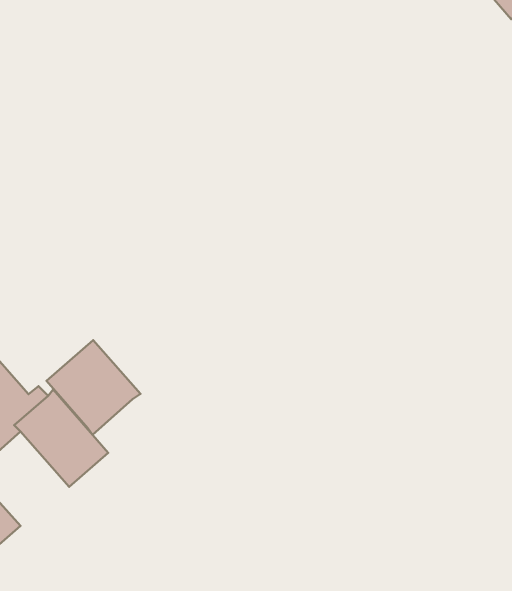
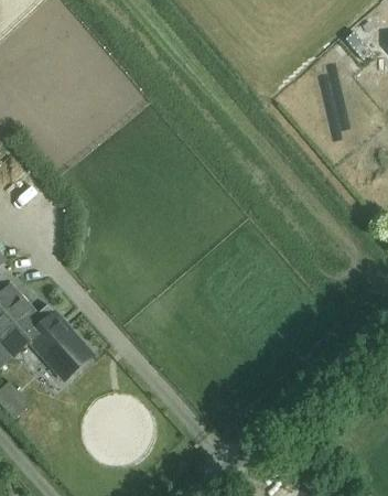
building: [47,340,141,435] -> none

